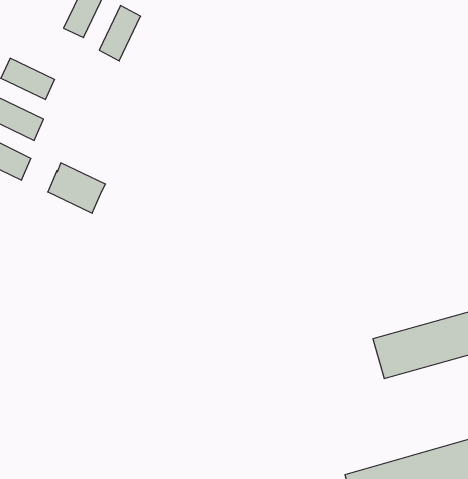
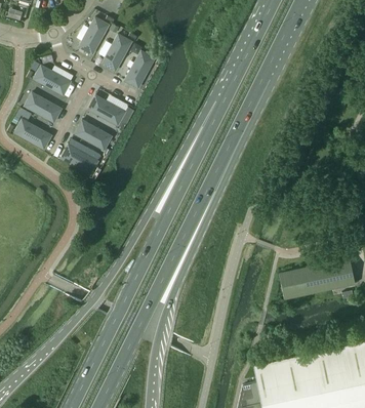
building: none -> [124,51,154,88]
building: none -> [87,95,124,125]
building: none -> [74,120,111,150]

